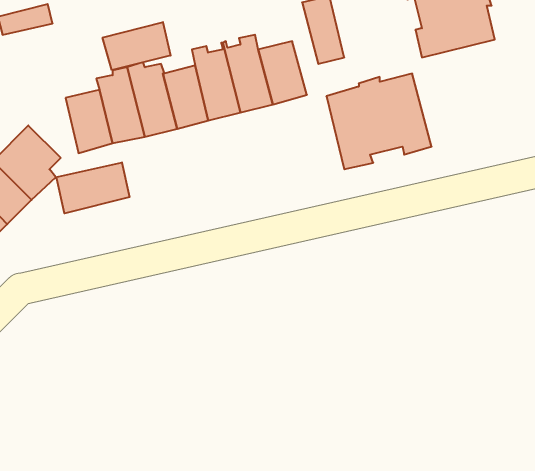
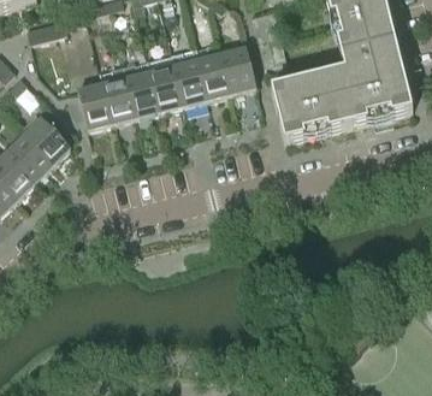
building: [103,22,171,70] -> none
building: none -> [335,46,412,125]
building: [56,162,130,213] -> none

